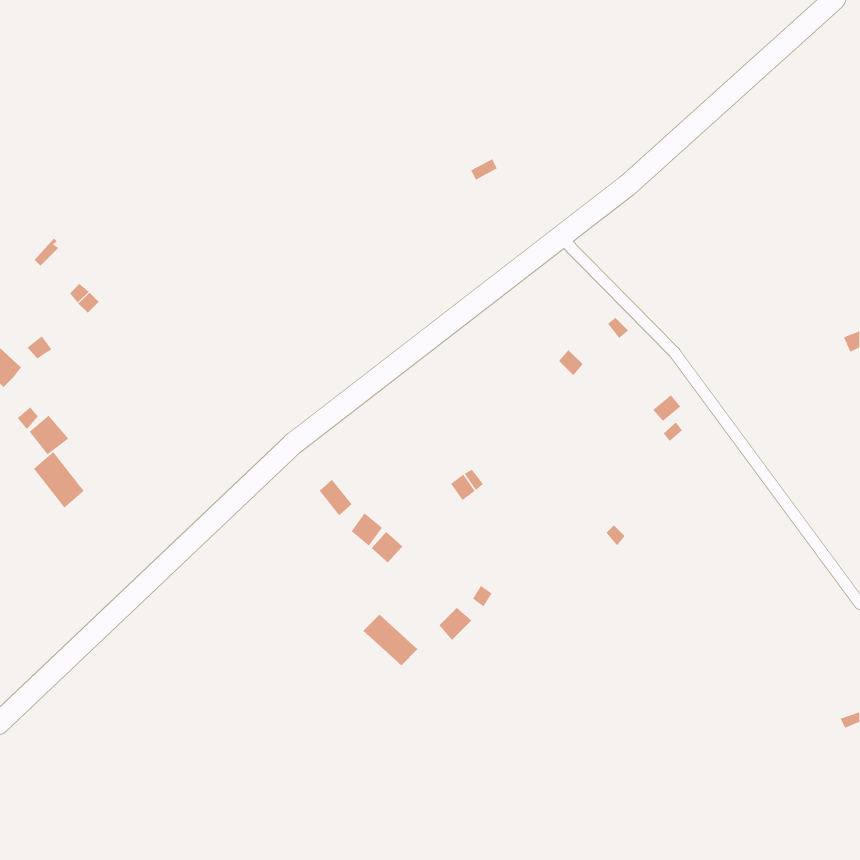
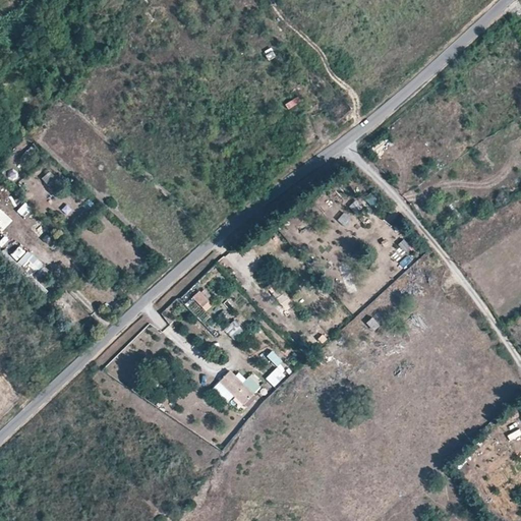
building: [33,451,85,508] -> none

